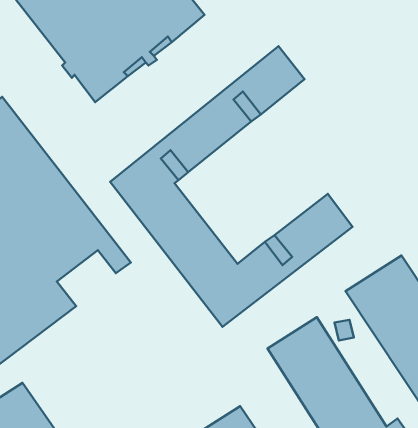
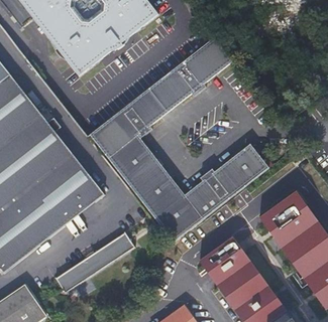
building: none -> [49,186,93,227]
building: none -> [54,231,134,294]

